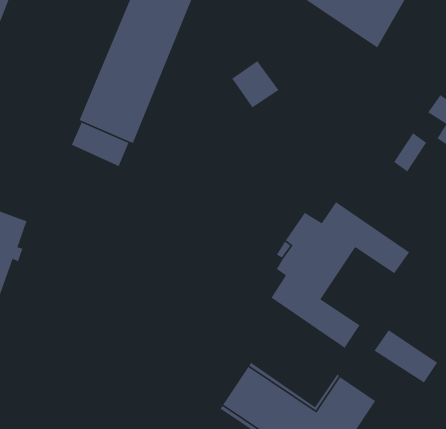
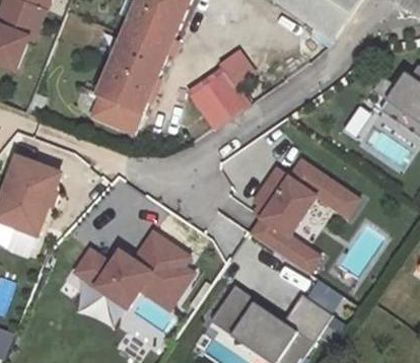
building: none -> [189,70,246,126]
building: none -> [74,230,194,308]
building: [373,329,438,384] -> none

